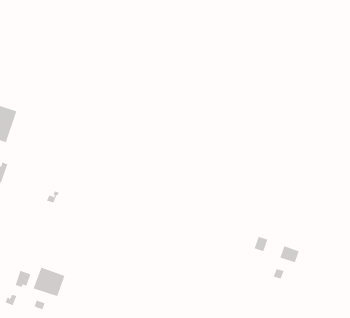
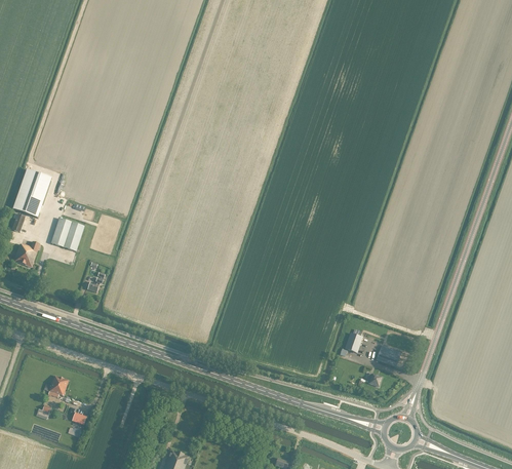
building: none -> [50,218,83,250]
building: [33,267,65,297] -> none

